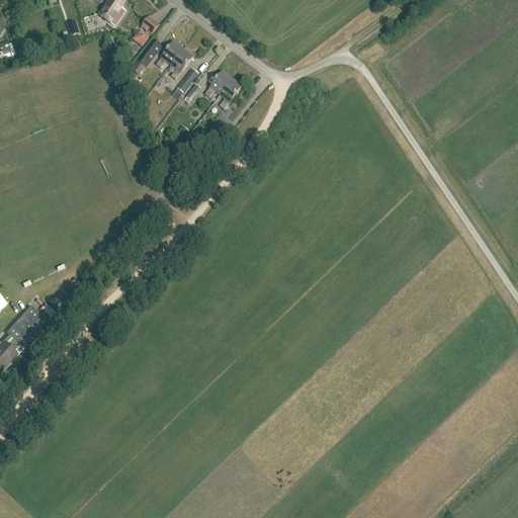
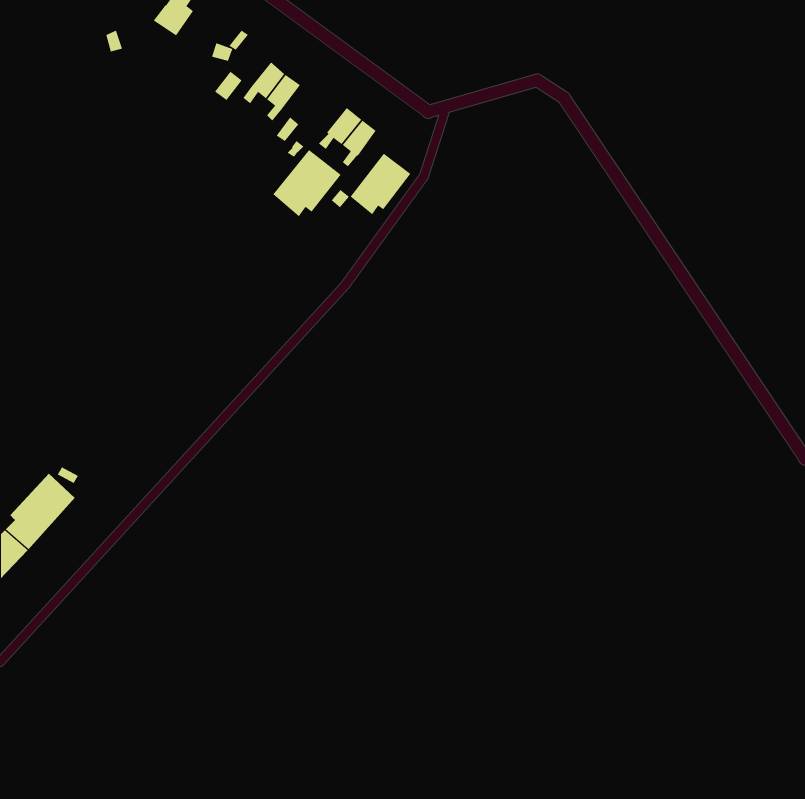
building: none -> [272,149,341,217]
building: none -> [350,153,411,215]

